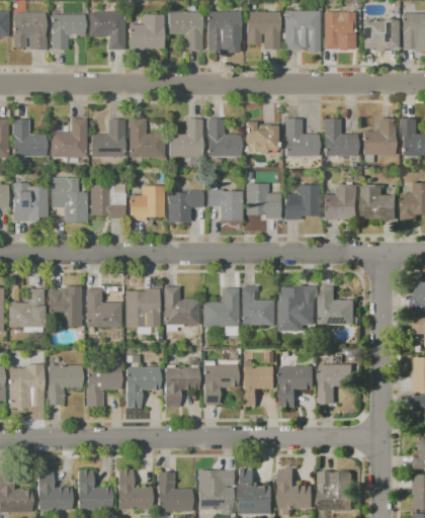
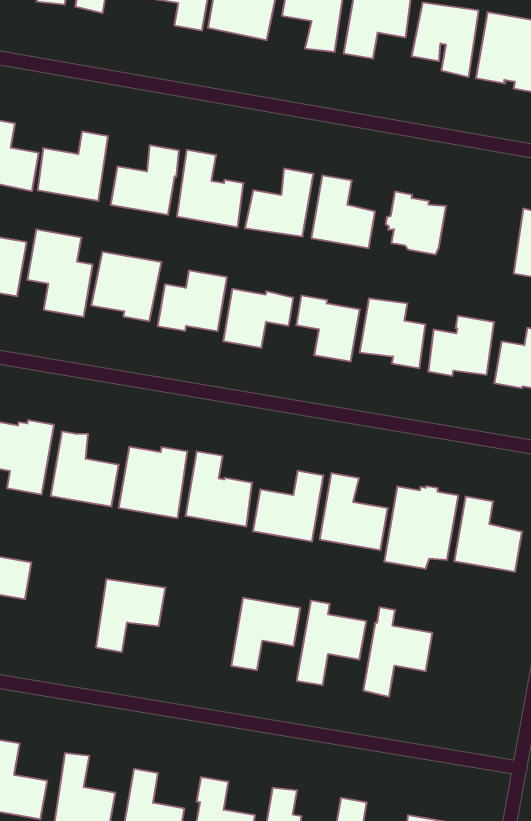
building: [285,119,319,161] -> none
building: [86,361,120,407] -> none
building: [320,364,355,403] -> none
building: [165,367,198,407] -> none

